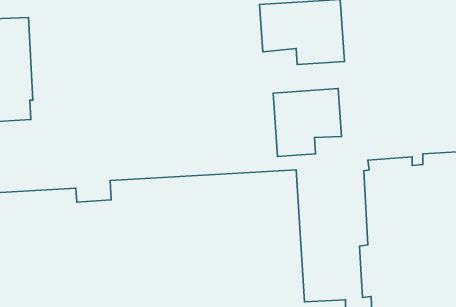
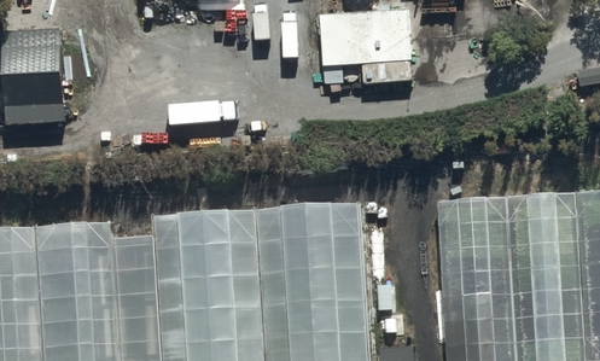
building: [273,88,341,156] -> none

